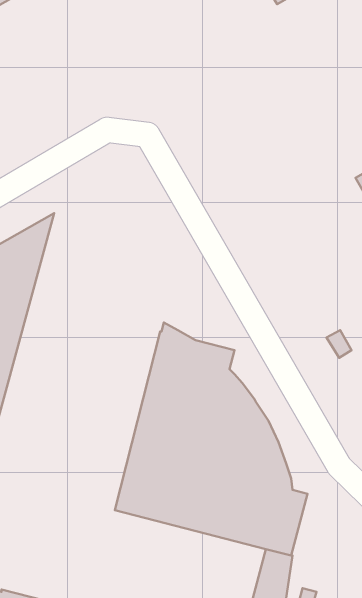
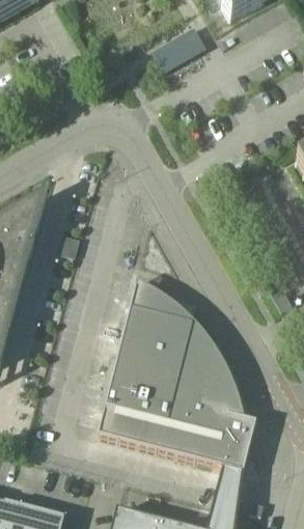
building: none -> [154,25,208,71]

